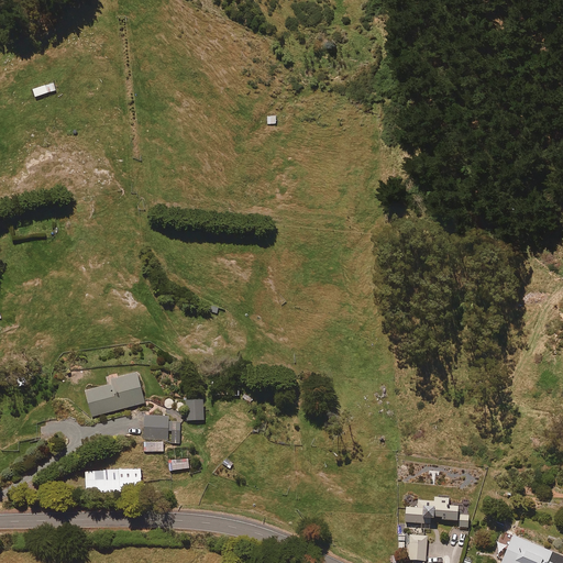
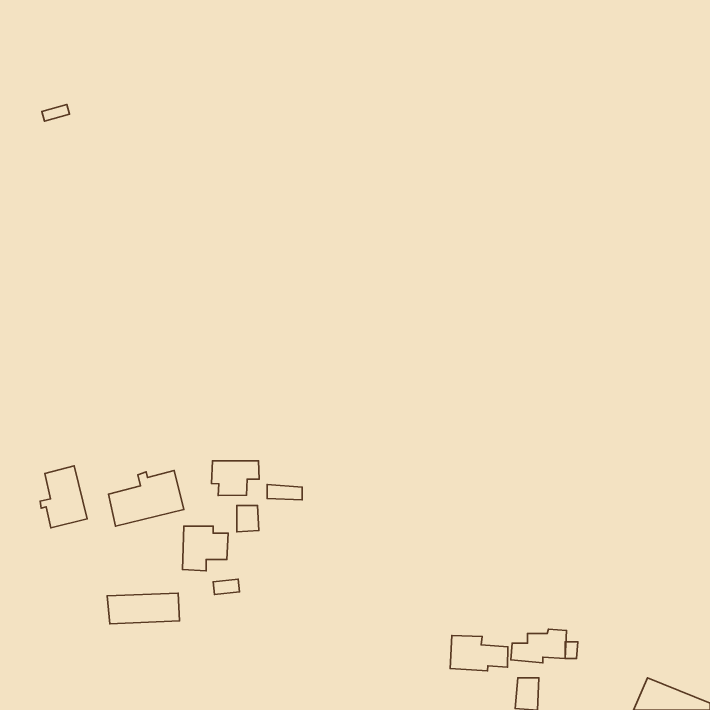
building: none -> [211,461,259,496]
building: none -> [40,466,87,528]
building: none -> [450,635,508,671]

